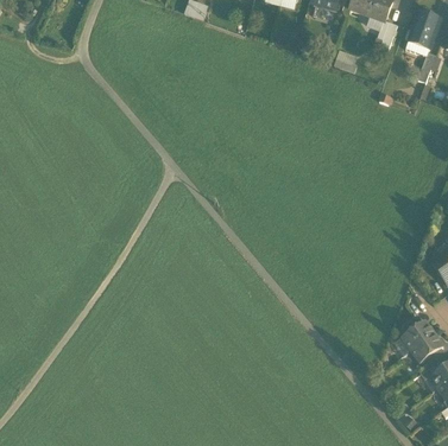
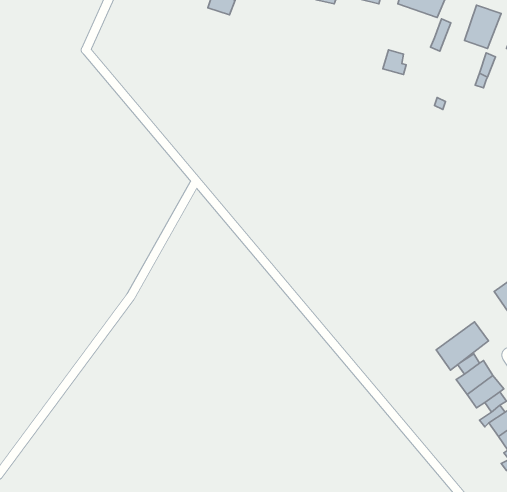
building: none -> [436,322,489,370]

